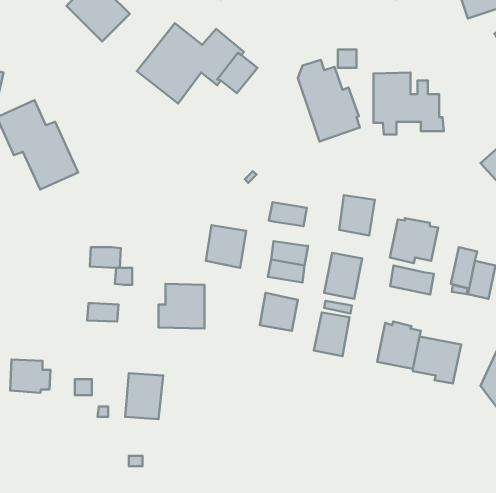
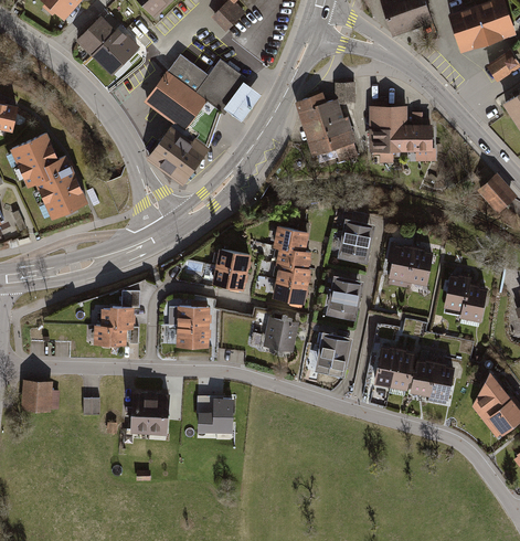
building: none -> [149,127,209,182]
building: none -> [273,247,308,270]
building: [90,247,121,268] -> [102,307,131,327]
building: [390,266,434,294] -> none
building: none -> [199,400,231,432]

